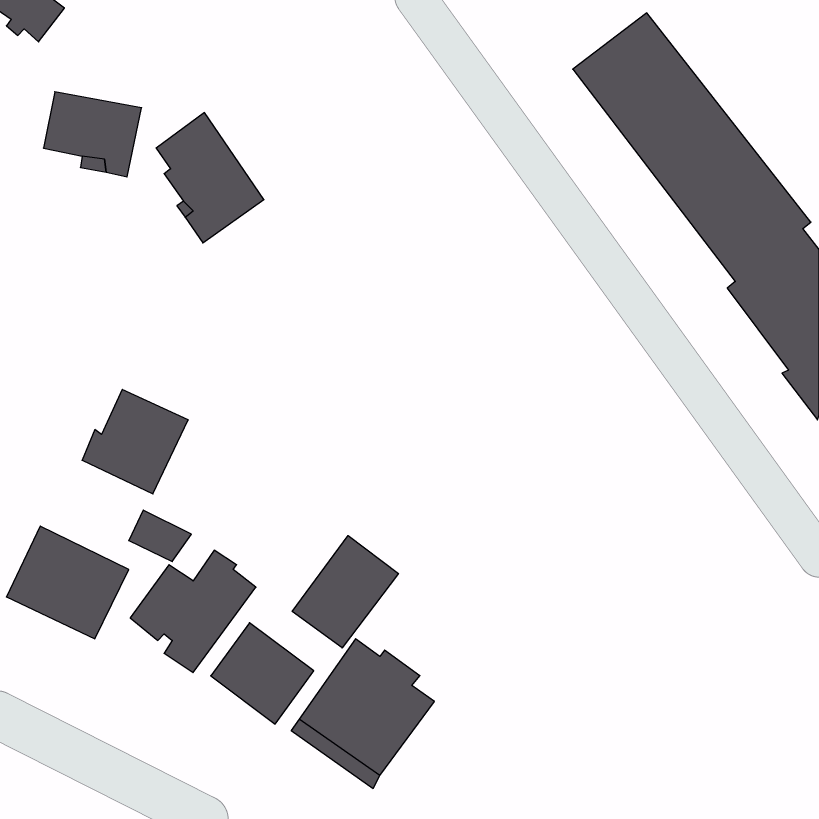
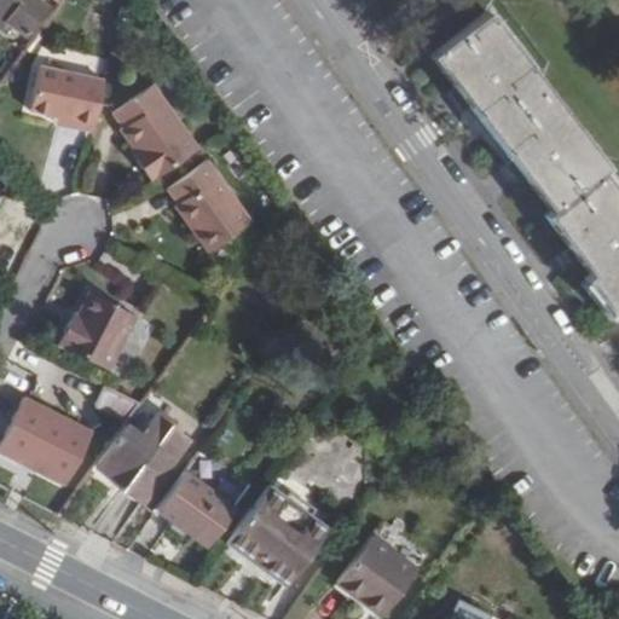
building: none -> [172,162,251,254]
building: [292,536,398,648] -> none
building: none -> [337,536,416,609]

